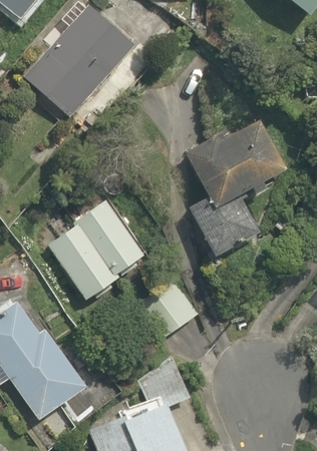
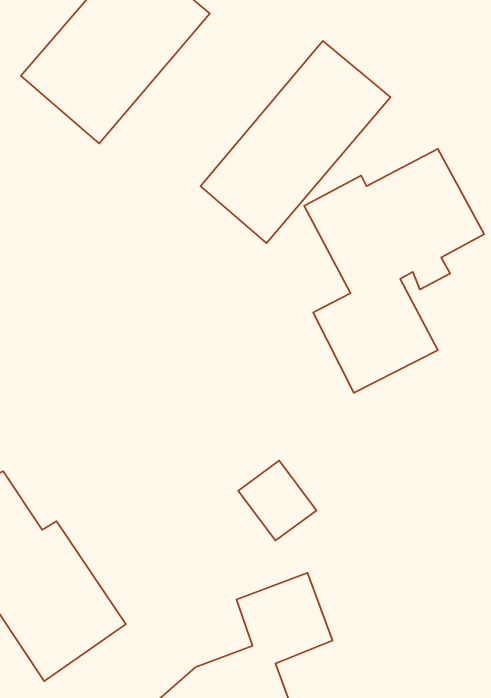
building: none -> [201,41,391,243]
building: [49,196,149,297] -> none

